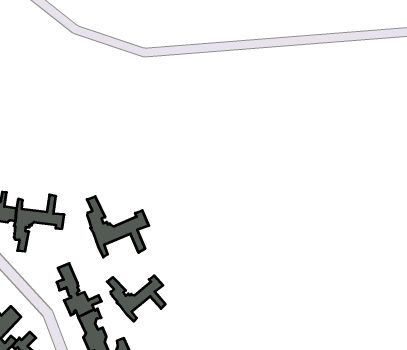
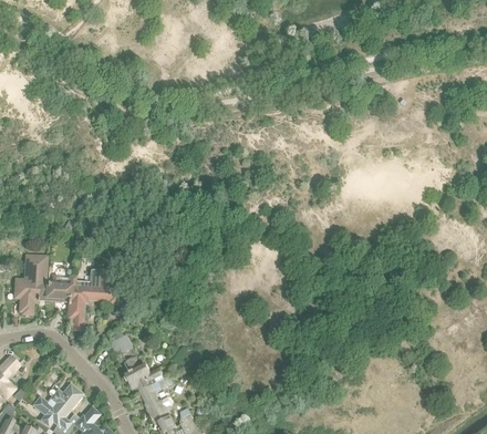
building: [87,196,149,257] -> none
building: [107,276,165,321] -> none

